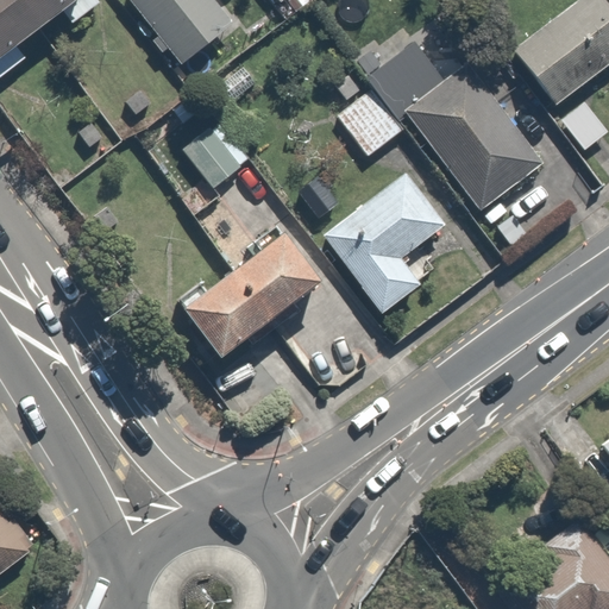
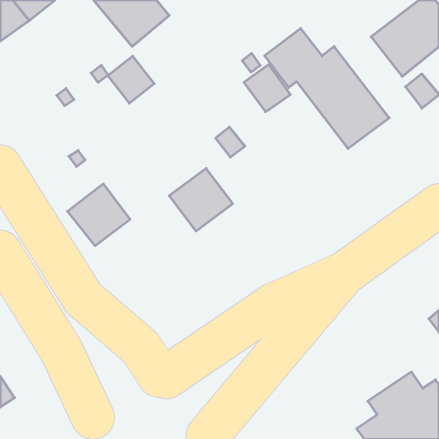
building: [183,123,247,188] -> [108,56,154,103]
building: [322,171,447,314] -> none
building: [184,271,271,357] -> [67,184,130,246]

